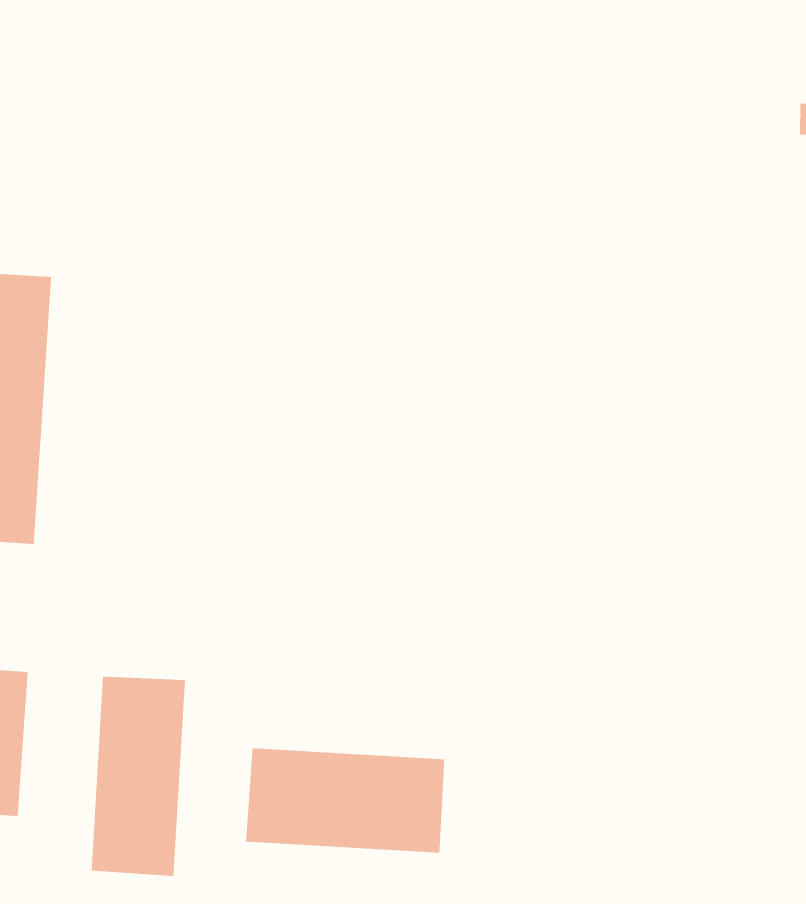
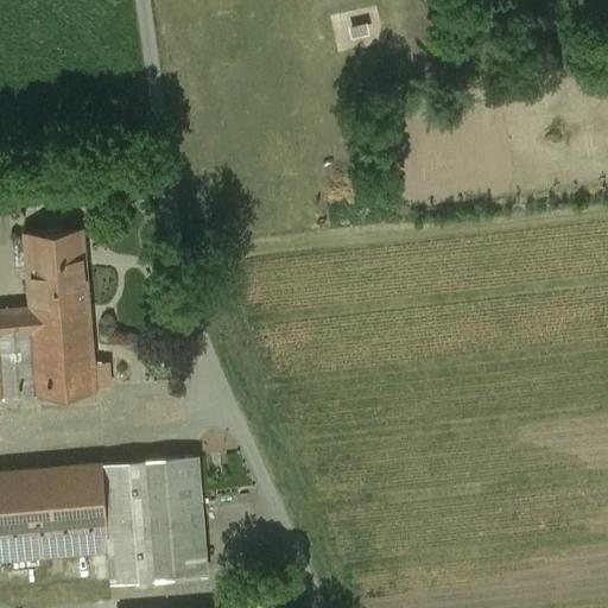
building: none -> [102,463,156,583]
building: [246,747,445,854] -> none

